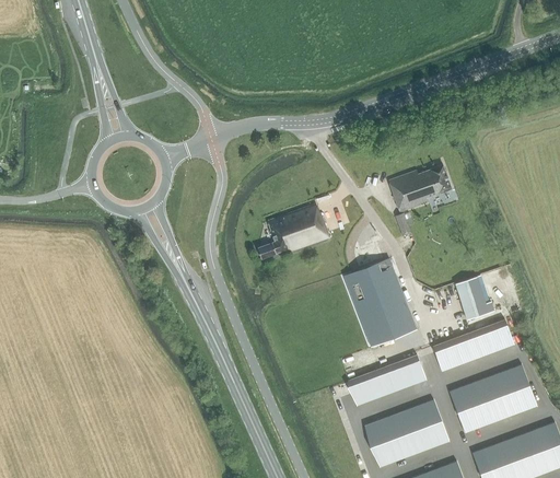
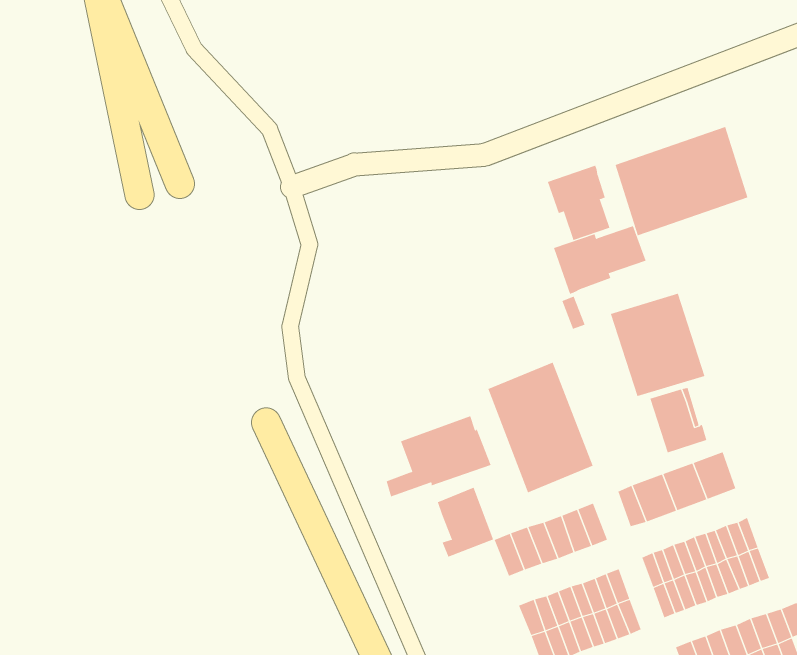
building: none -> [615,126,748,236]
building: none -> [547,165,610,241]
building: [257,203,329,259] -> [386,416,492,497]
building: none -> [610,293,705,397]
building: none -> [437,487,494,558]

